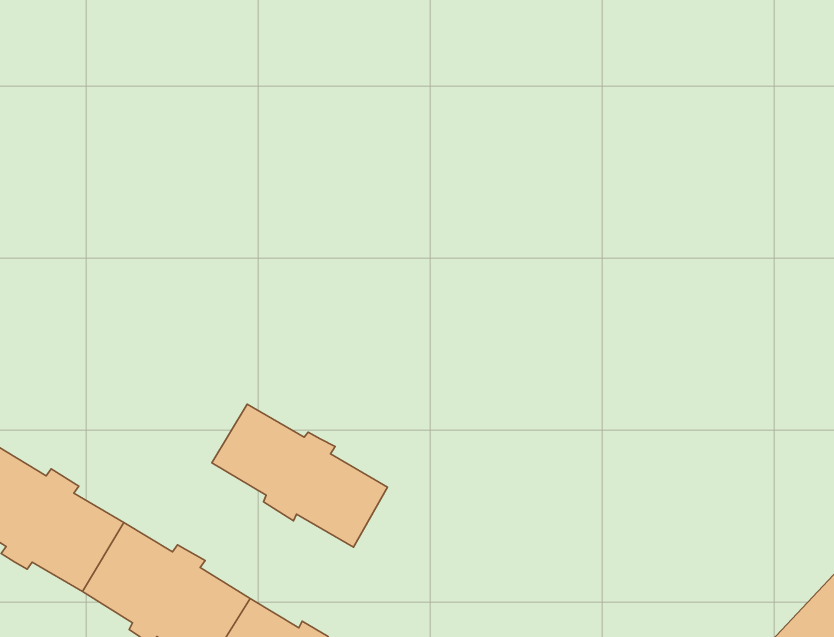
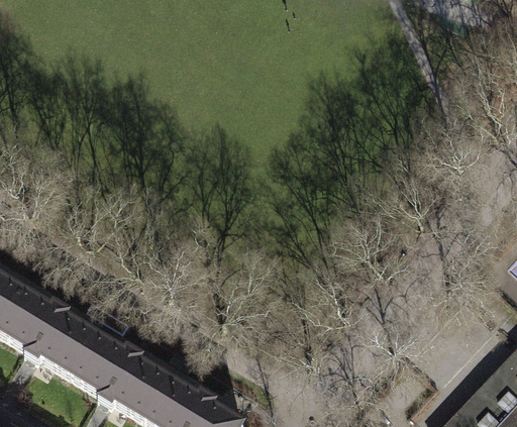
building: [212,404,388,547] -> none

